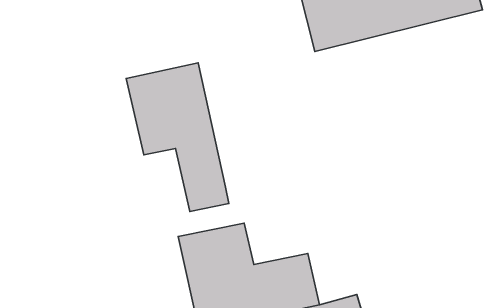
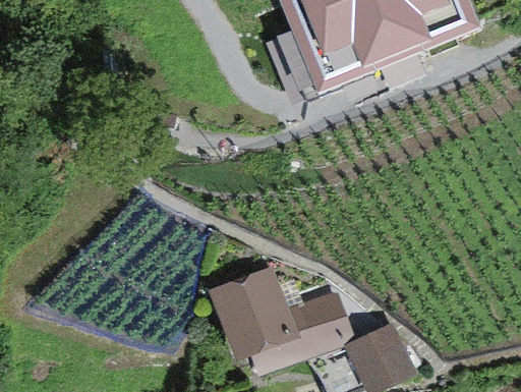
building: [126,63,229,212] -> none

